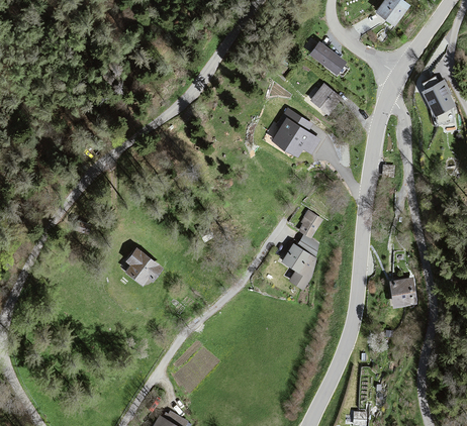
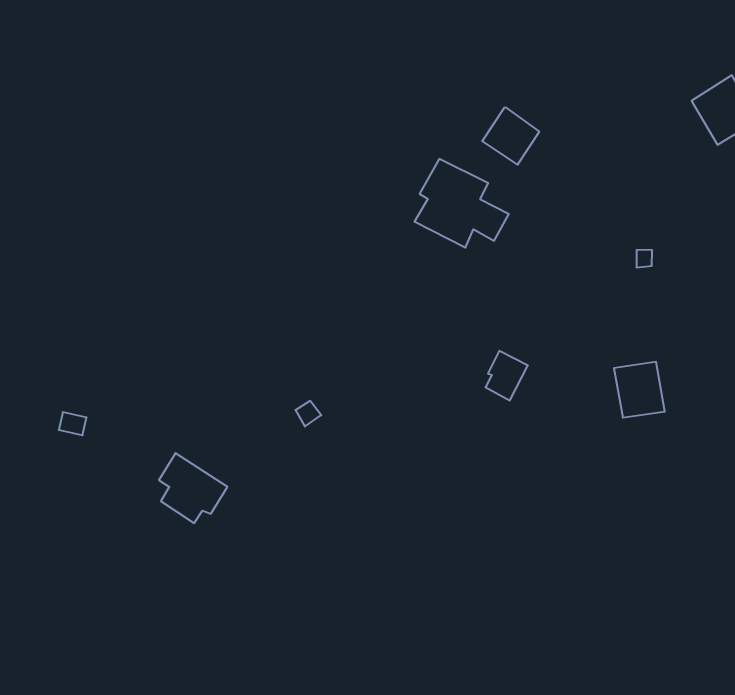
building: [309,36,348,70] -> none
building: [282,244,321,291] -> none
building: [389,280,413,307] -> [614,362,665,418]

